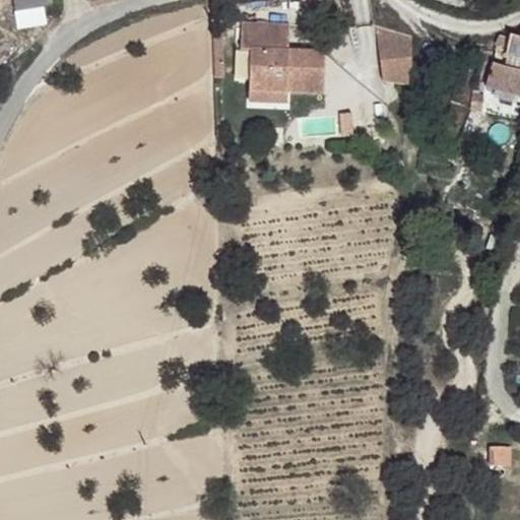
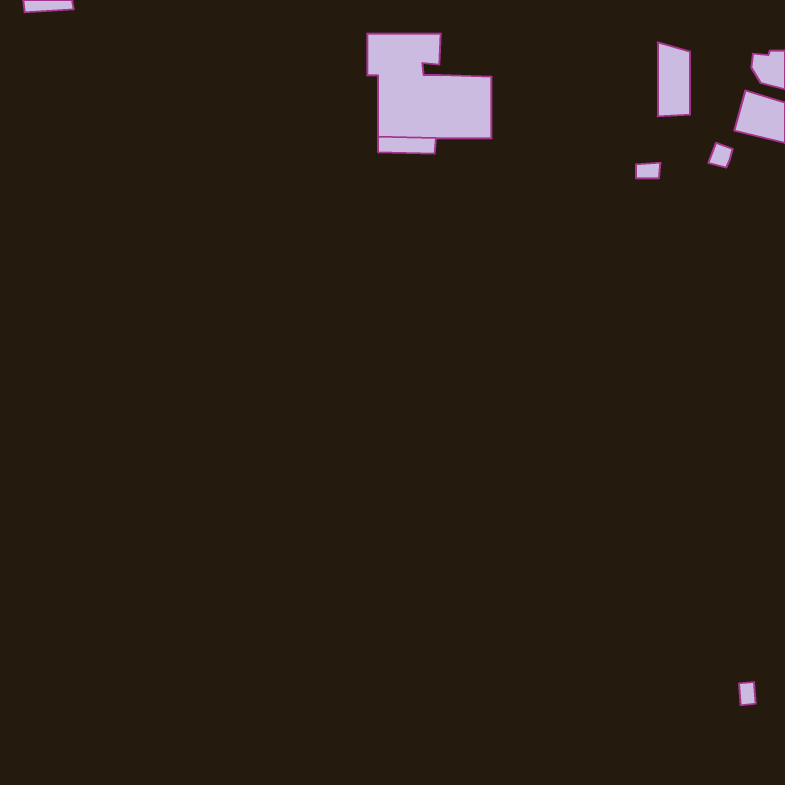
building: [384,35,405,83] -> [658,42,690,116]

